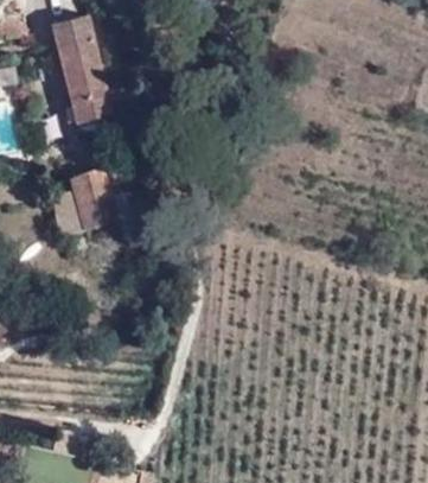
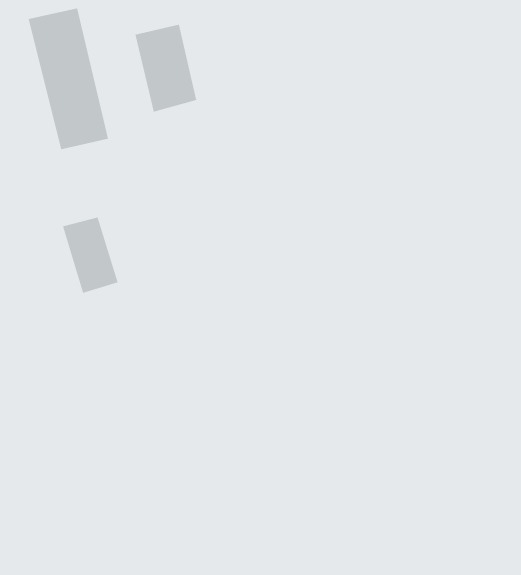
building: none -> [135,24,197,112]

